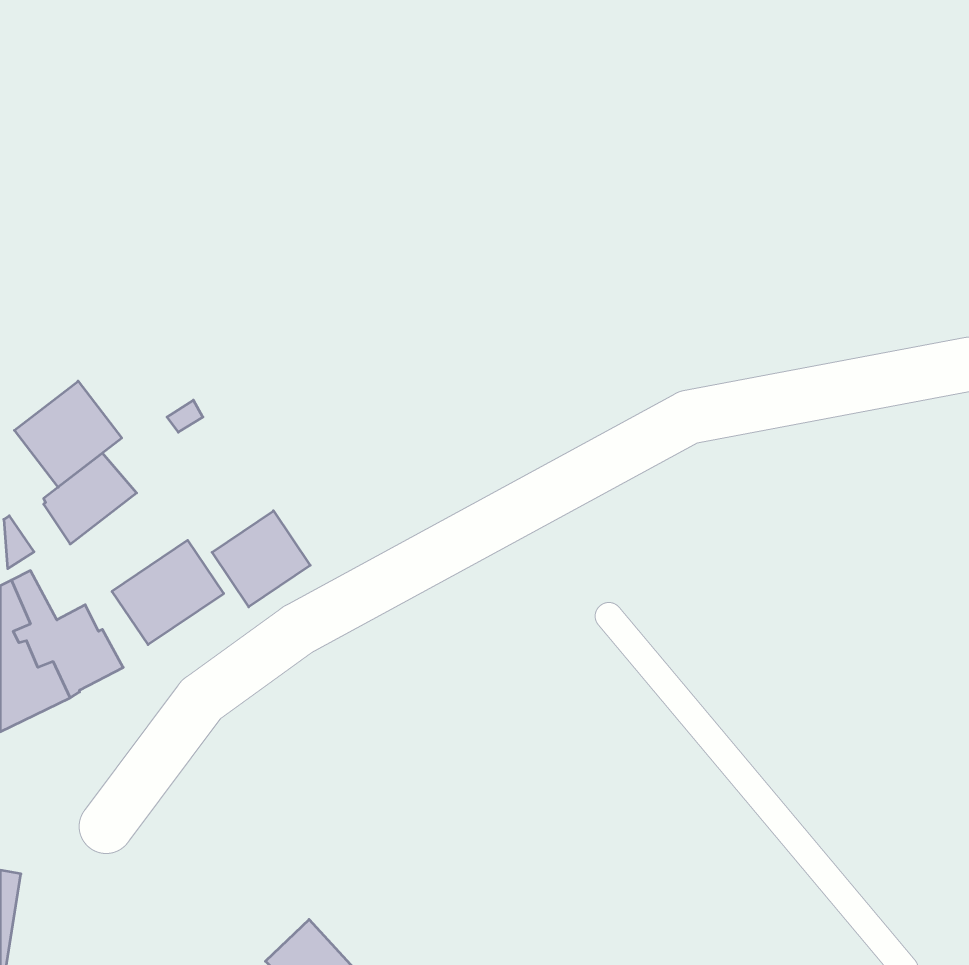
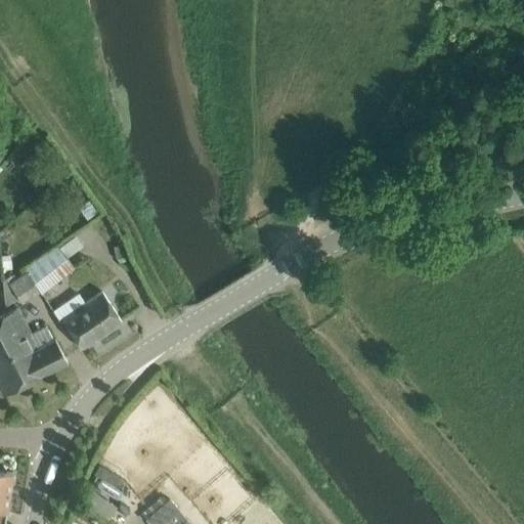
building: [14,381,122,487] -> none
building: [212,511,310,607] -> none

